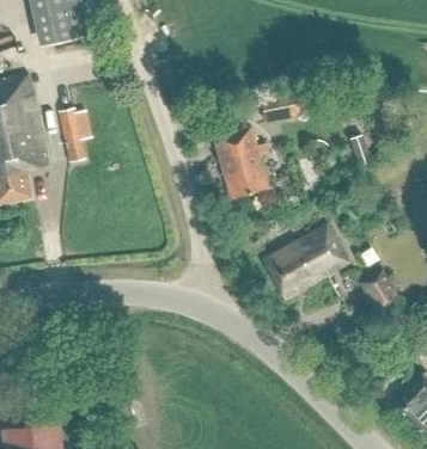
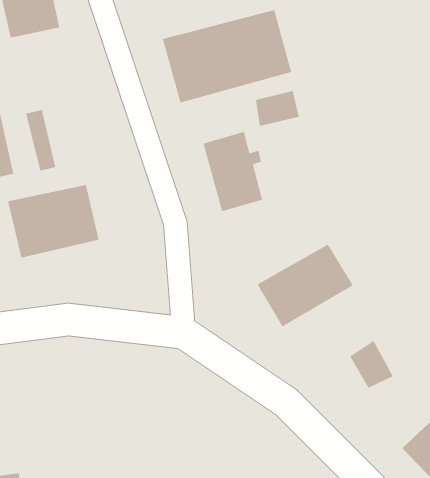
building: none -> [162,9,292,103]
building: none -> [7,184,100,259]
building: [361,269,401,312] -> [349,340,394,389]

